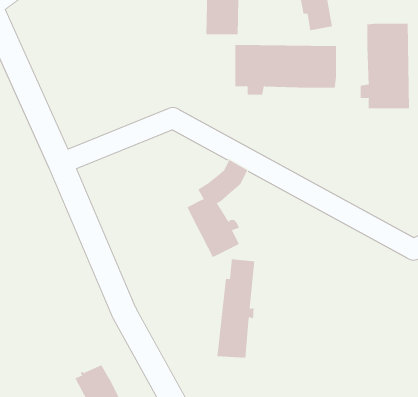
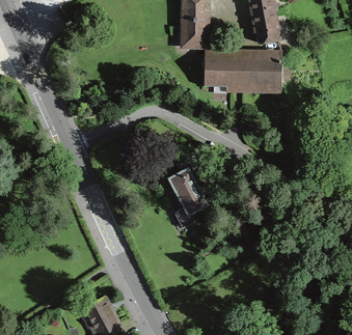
building: [360,23,409,109] -> none
building: [217,258,255,359] -> none

